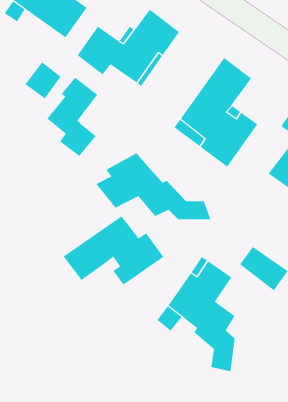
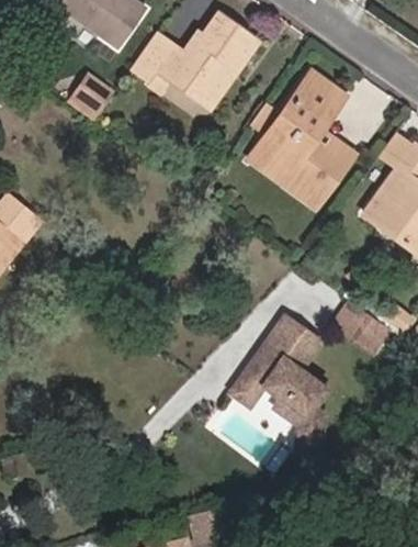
building: [47,77,98,157] -> none
building: [95,152,211,220] -> none
building: [63,215,164,286] -> none

